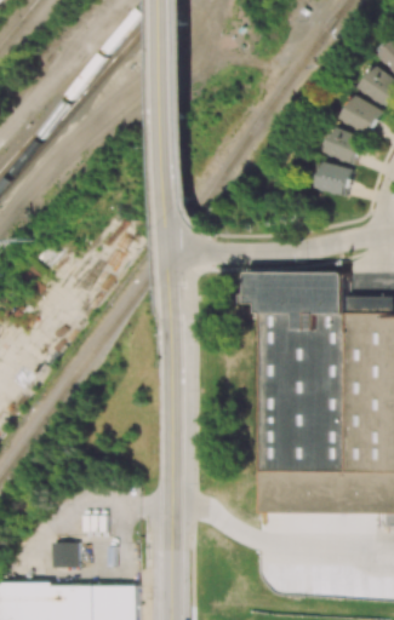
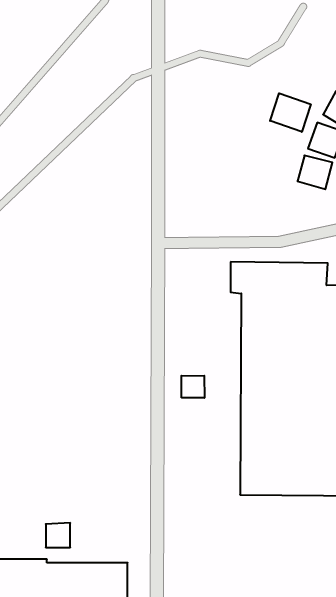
building: none -> [270,93,311,132]
building: none -> [181,376,204,398]

